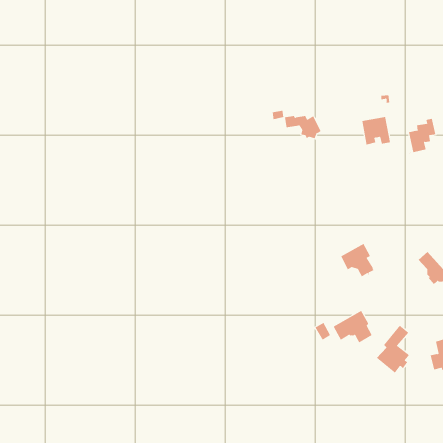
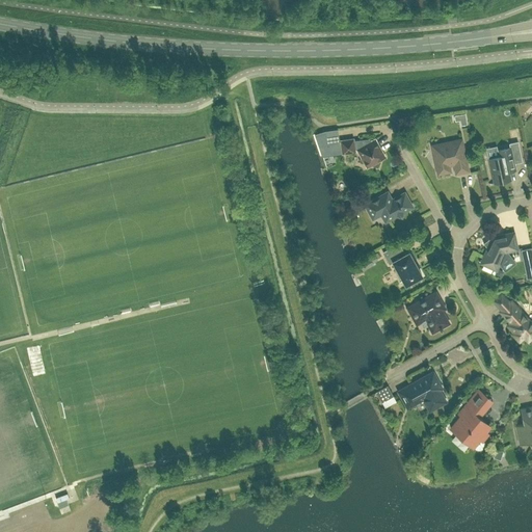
building: none -> [366,192,414,223]
building: none -> [481,233,518,270]
building: none -> [383,244,423,286]

